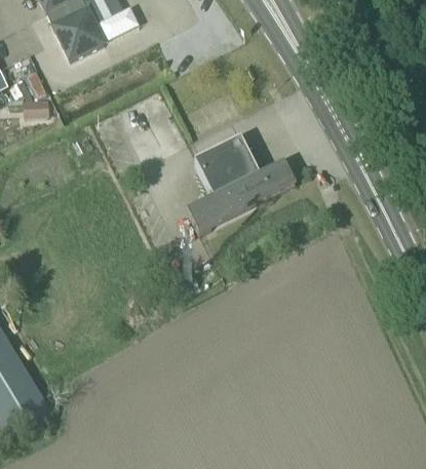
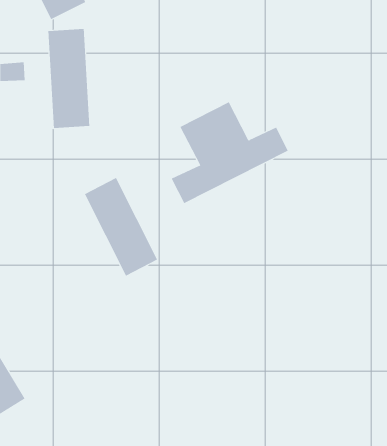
building: none -> [48,28,90,129]
building: none -> [84,177,158,276]

